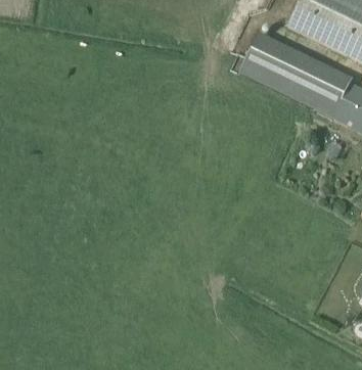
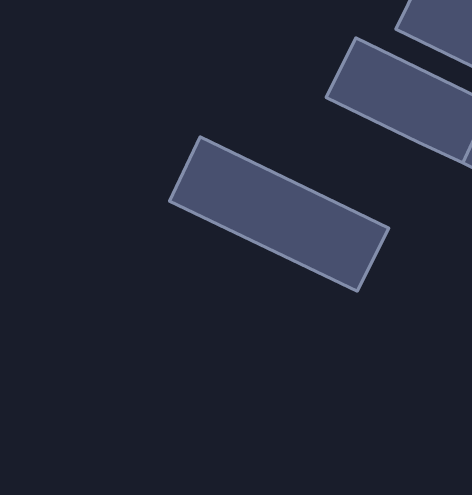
building: none -> [169,137,389,291]

